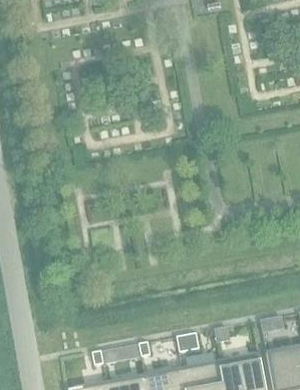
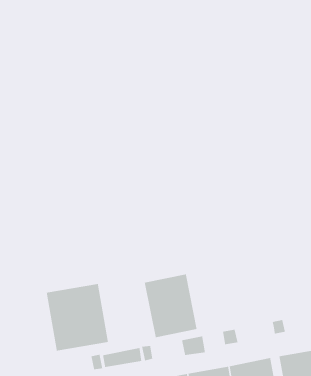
building: none -> [144,274,198,338]
building: none -> [46,283,109,352]

